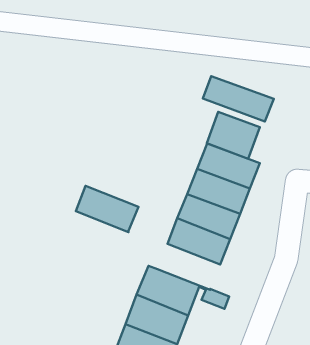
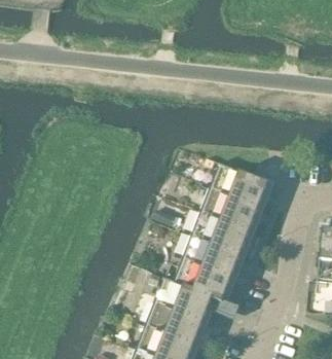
building: [203,76,274,122] -> none
building: [207,112,260,159] -> none
building: [76,186,138,232] -> [174,255,232,298]

